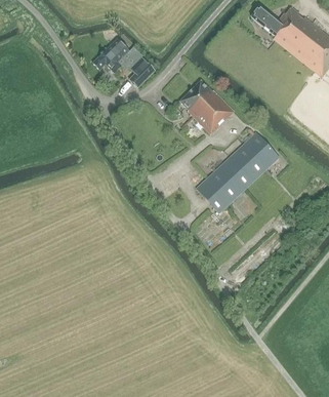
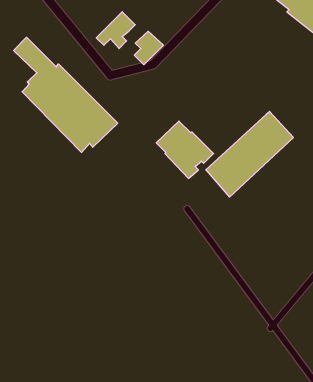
building: none -> [14,37,118,152]
building: [179,79,234,133] -> [156,121,214,178]

